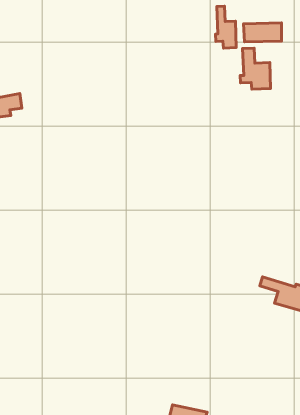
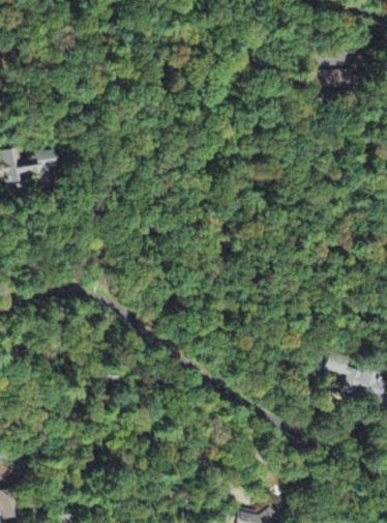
building: [216,6,236,48] -> none
building: [240,48,271,89] -> none

